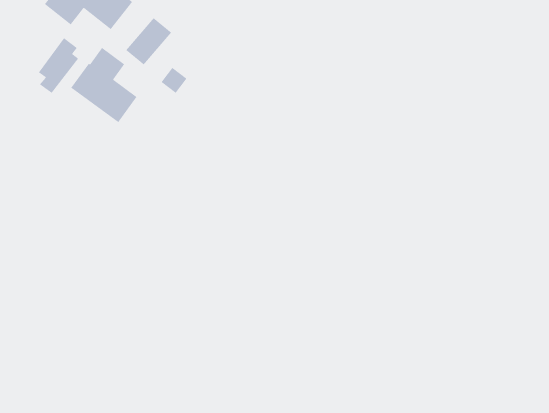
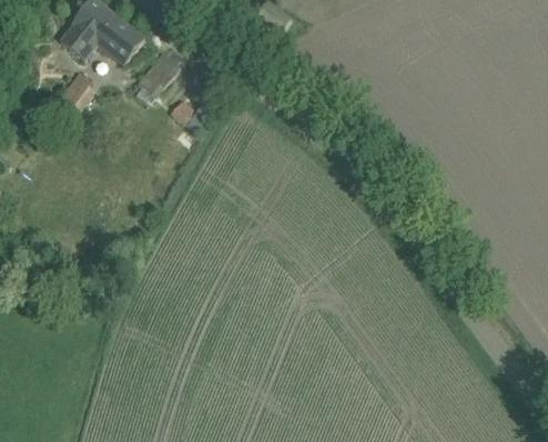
building: [70,47,138,123] -> none

